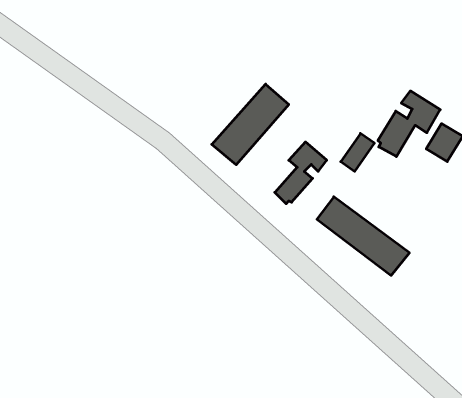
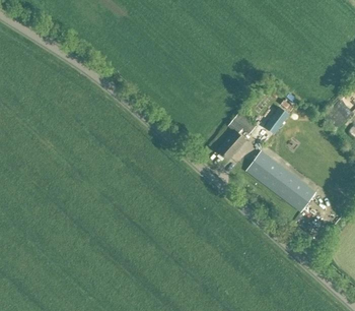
building: [212,84,289,165] -> none
building: [378,91,440,157] -> none

